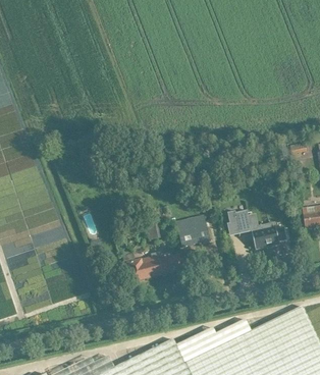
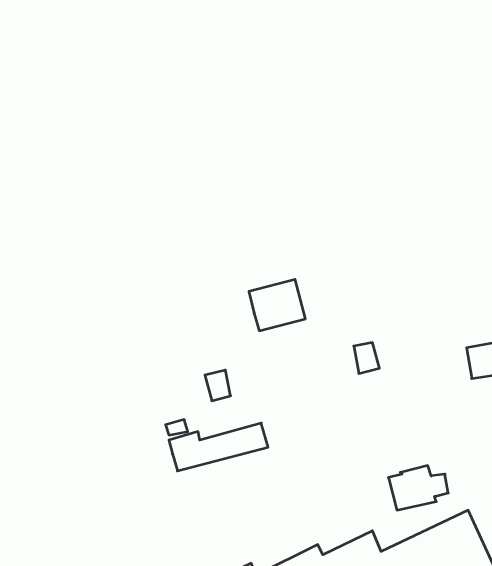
building: [176,217,210,248] -> [249,279,305,331]
building: [251,224,286,251] -> [388,466,448,510]

